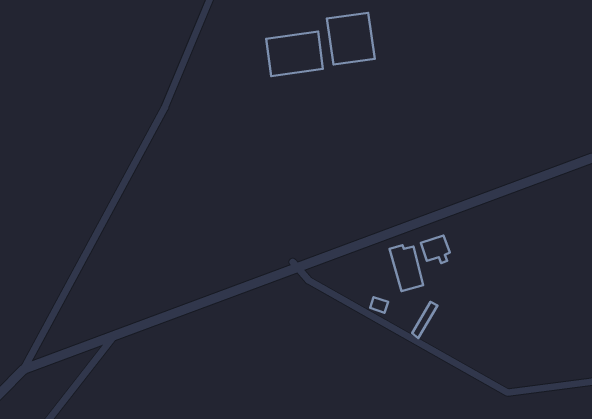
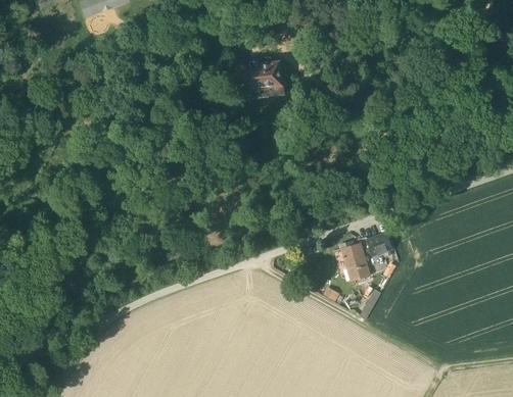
building: [327,13,375,64] -> none

